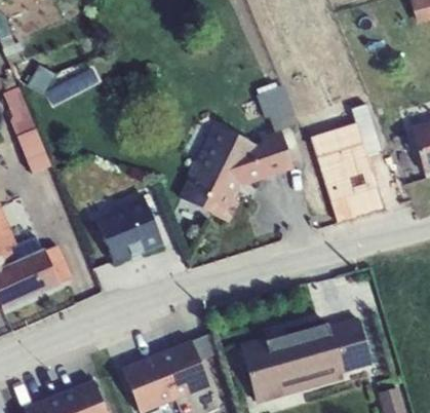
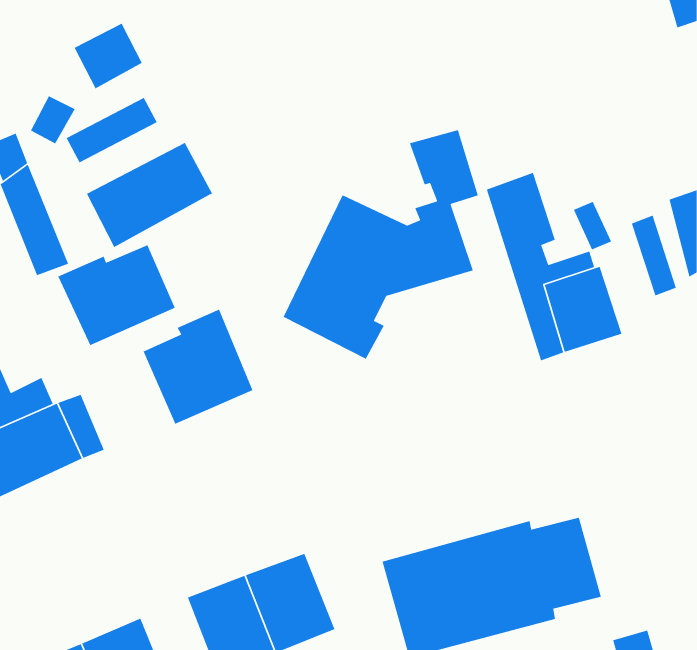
building: none -> [74,22,143,89]
building: none -> [86,142,213,248]
building: none -> [57,244,176,346]

